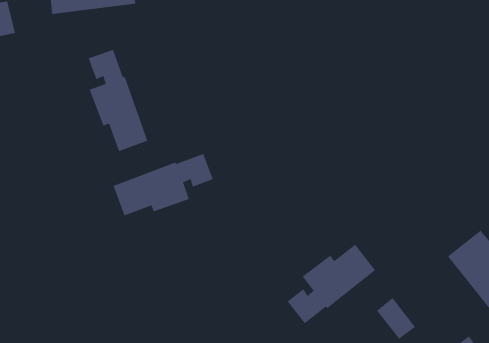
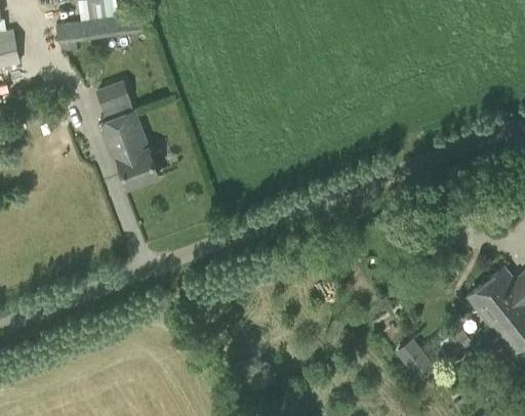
building: [113,153,214,216] -> none
building: [287,244,376,324] -> none

